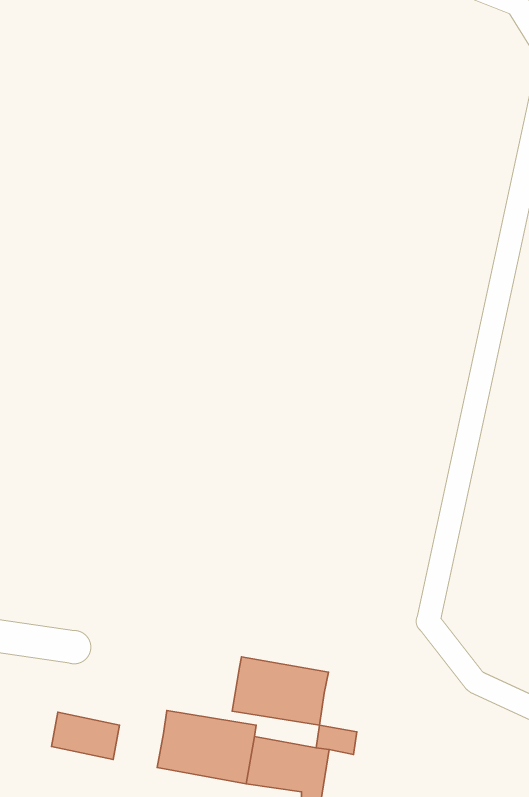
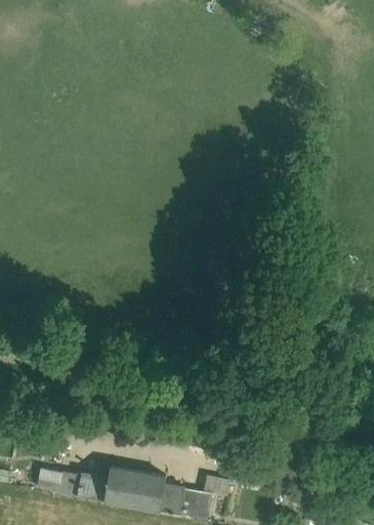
building: [232,657,328,725] -> none
building: none -> [76,476,108,502]

